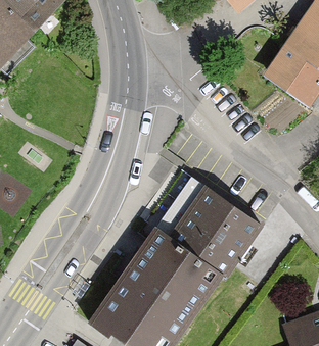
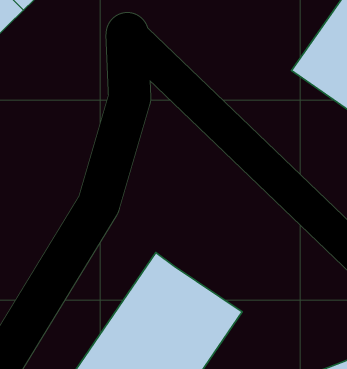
building: [166,182,261,278] -> none

